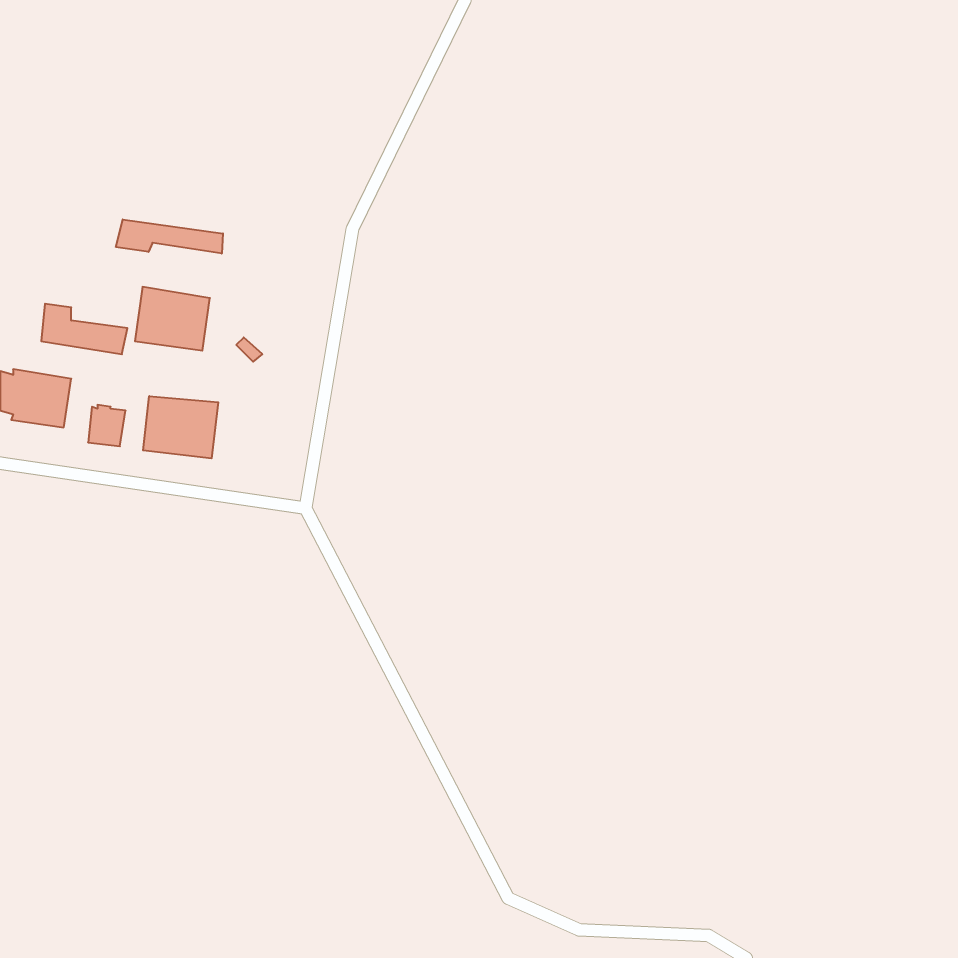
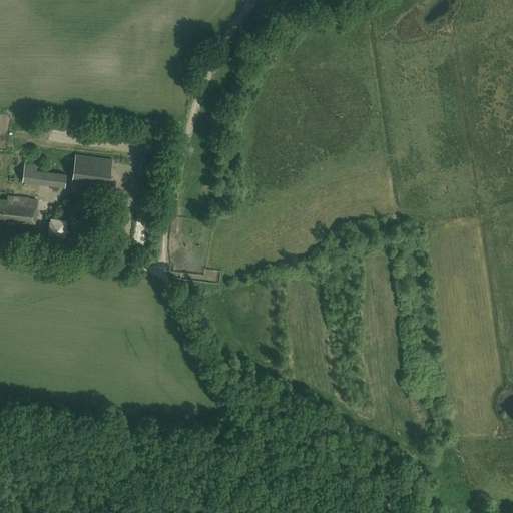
building: [116,219,223,254] -> none
building: [143,396,218,458] -> none

